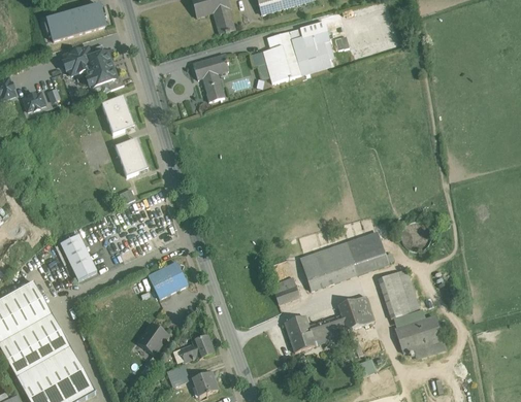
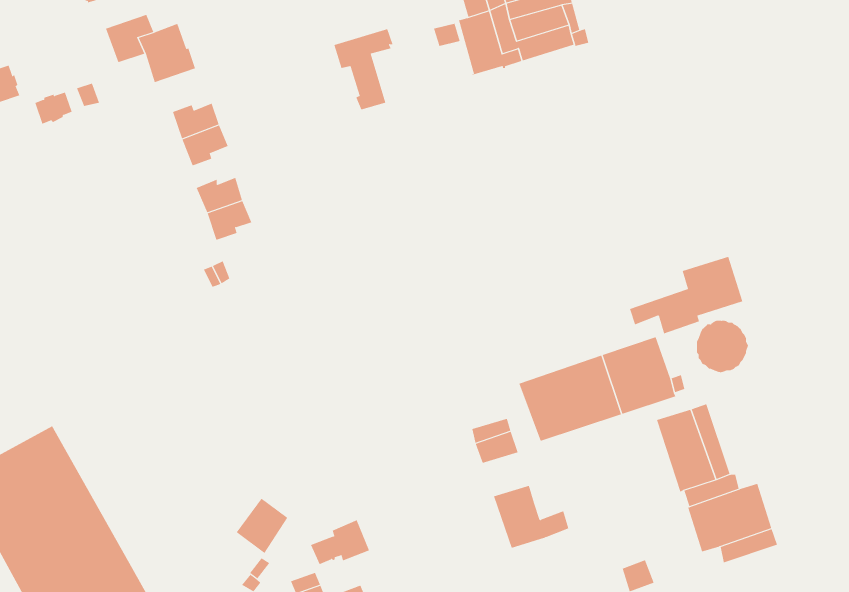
building: [60,234,96,279] -> none
building: [148,262,187,299] -> none
building: [307,296,372,340] -> [629,256,743,334]

